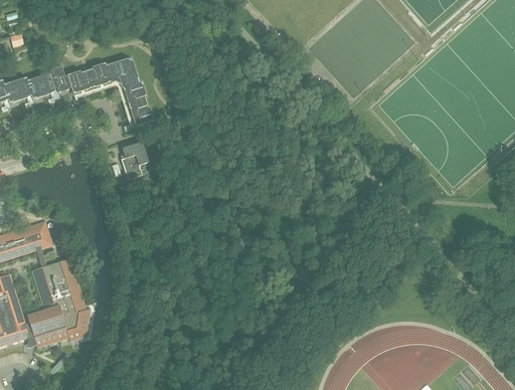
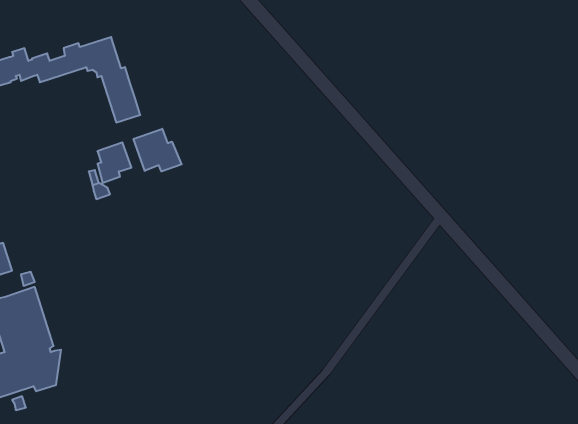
building: none -> [134,129,182,171]

